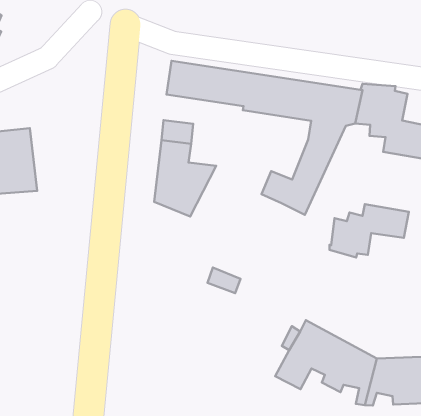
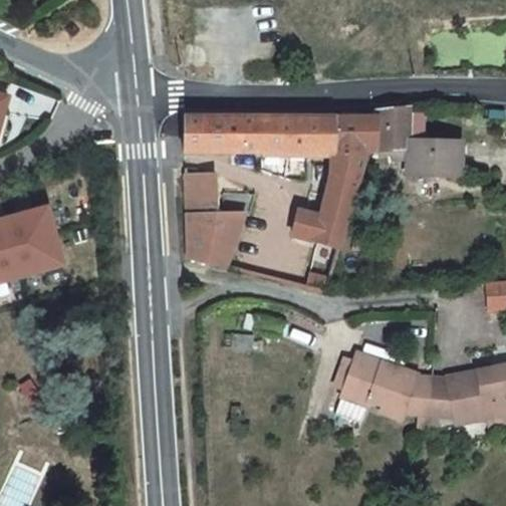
building: [329,204,409,257] -> none

